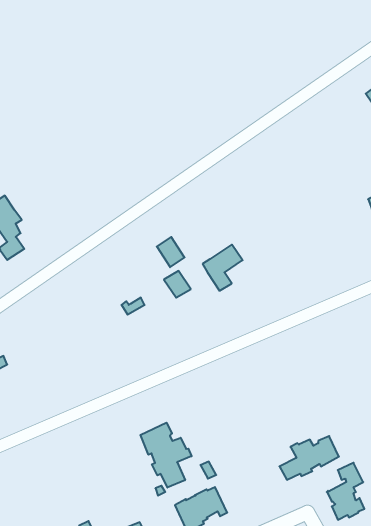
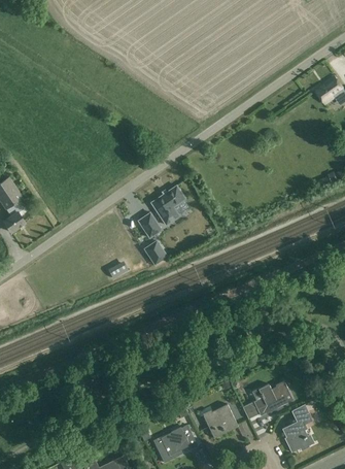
building: [203,245,243,291] -> [151,187,185,226]
building: [140,423,192,488] -> none
building: none -> [203,405,238,439]

